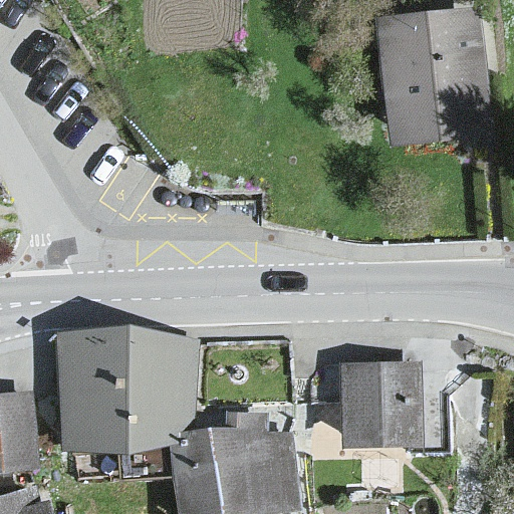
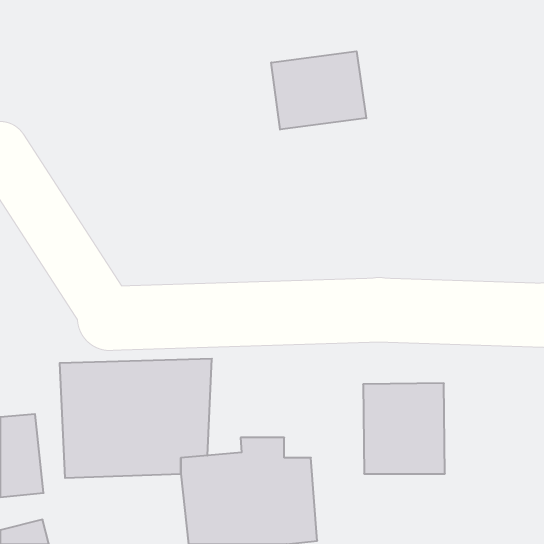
building: [375,9,495,144] -> none
building: none -> [271,51,366,130]

